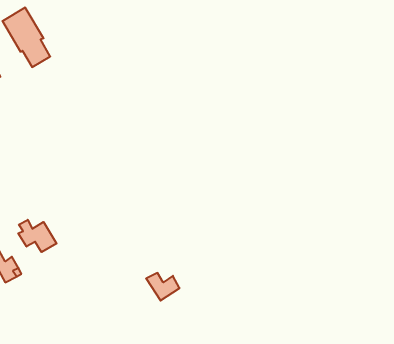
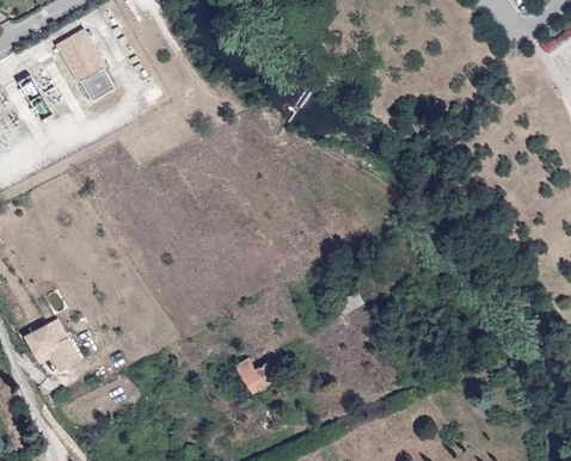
building: [18,220,57,252] -> none

